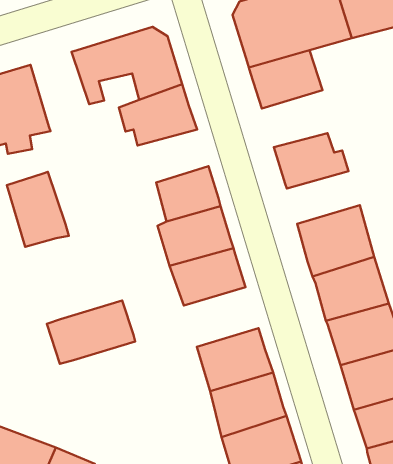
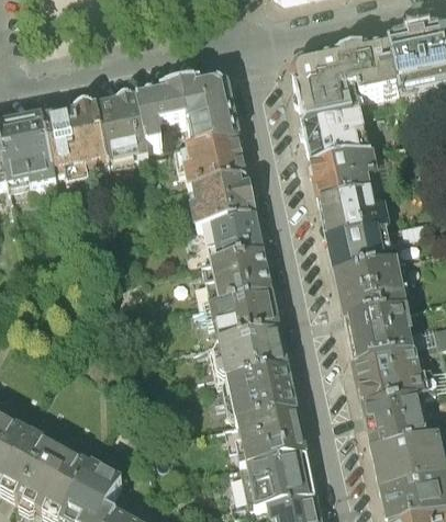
building: none -> [310,145,379,195]
building: none -> [190,172,255,219]
building: none -> [326,224,399,269]
building: [7,172,69,247] -> [97,89,150,157]
building: [47,301,135,364] -> [207,324,288,377]

